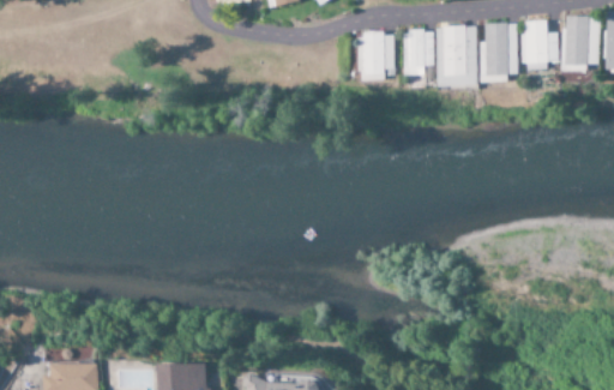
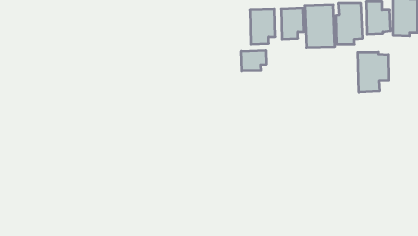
building: none -> [241,50,266,71]
building: none -> [358,52,389,92]

